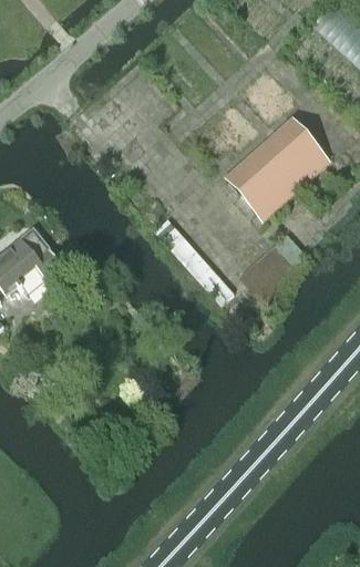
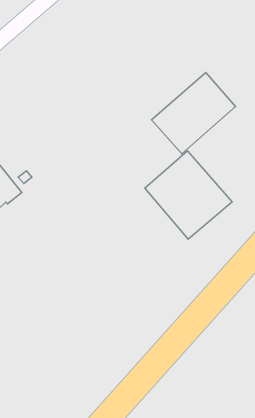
building: none -> [145,151,232,239]

